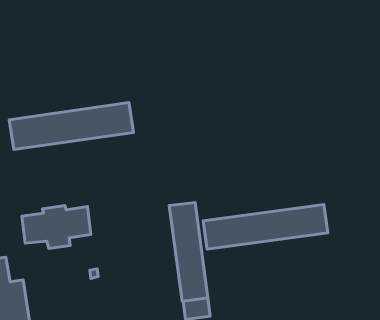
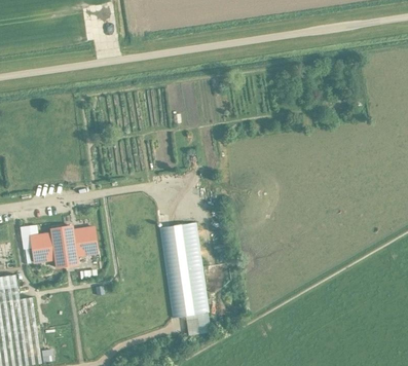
building: [9,103,133,150] -> none
building: [203,205,328,249] -> none

